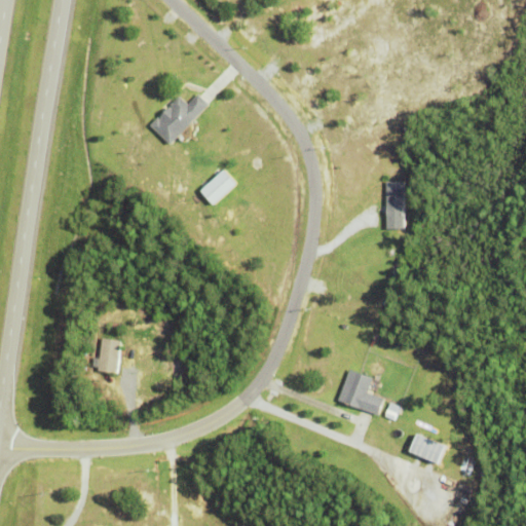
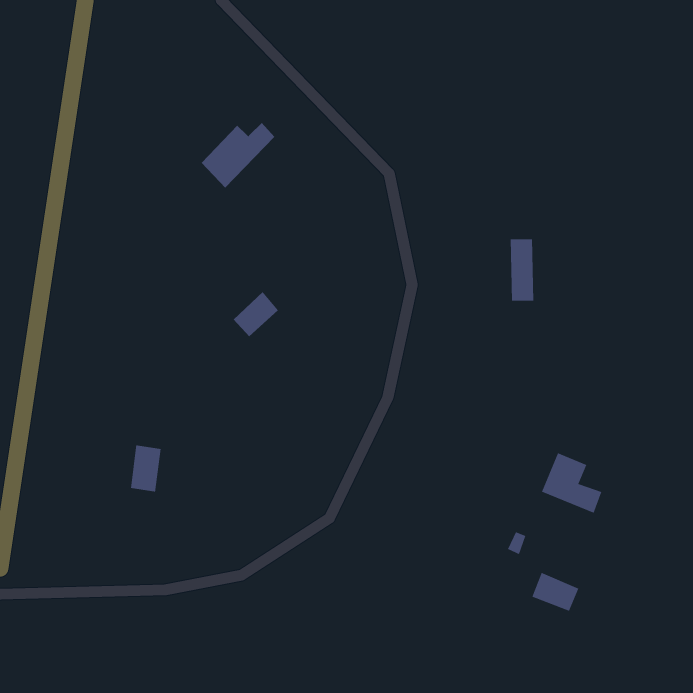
building: [195,170,230,204] -> [233,291,279,337]
building: [338,369,384,415] -> [541,453,602,514]

